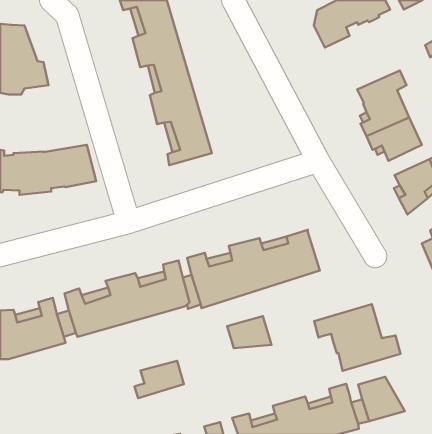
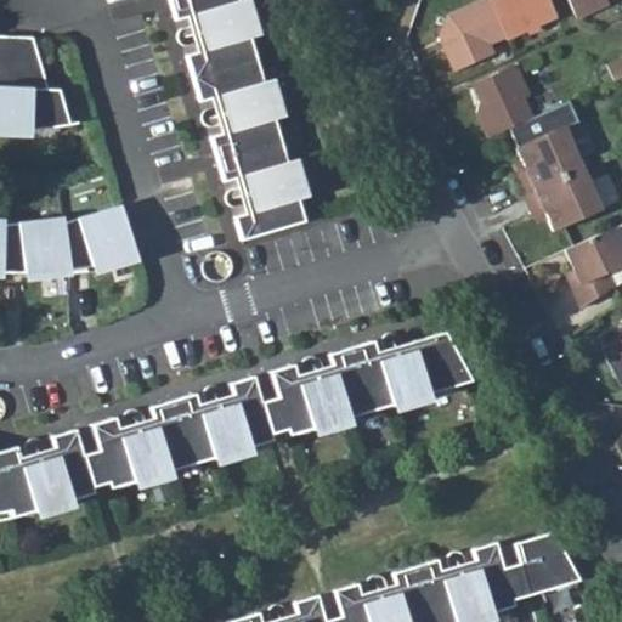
building: none -> [479,67,536,137]
building: [314,304,400,371] -> none
building: [227,316,271,348] -> none
building: [135,361,184,398] -> none

